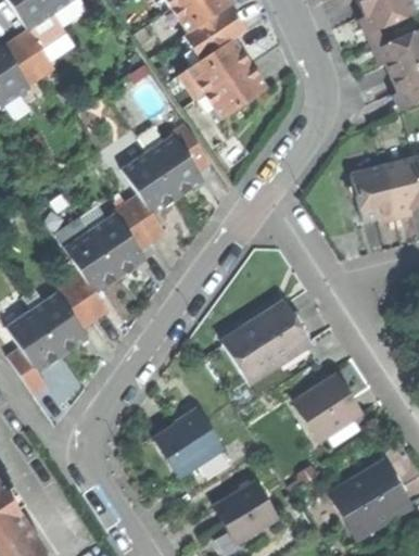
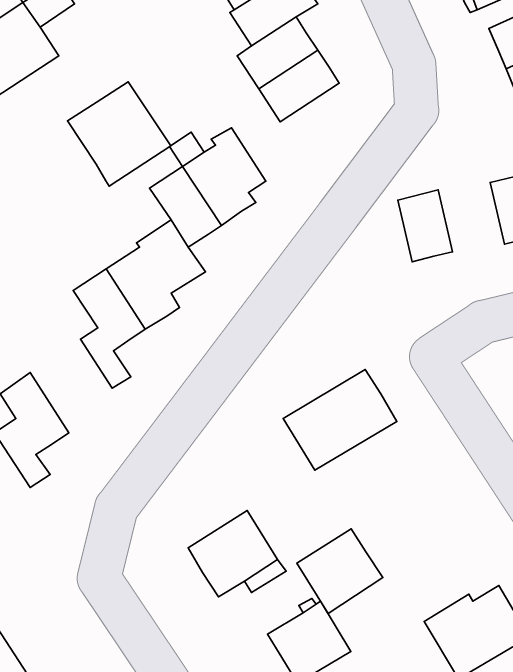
building: none -> [67,82,171,186]
building: [351,164,392,218] -> [398,190,452,262]
building: [34,282,96,353] -> none
building: [296,377,361,441] -> [297,529,383,614]

